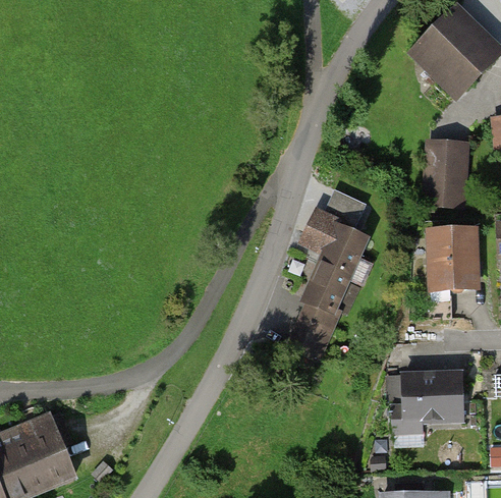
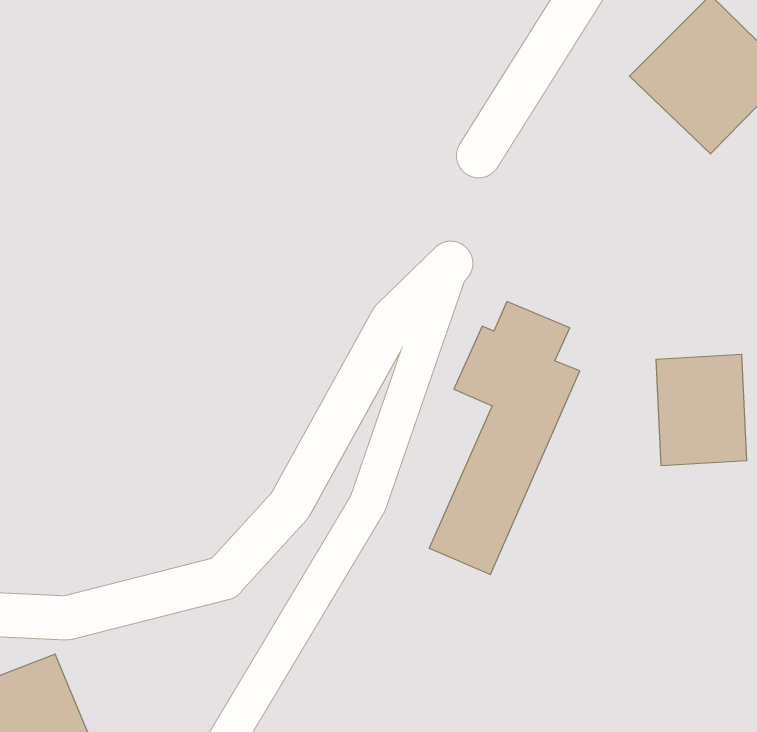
building: [418,139,474,217] -> none
building: [387,368,465,436] -> none

